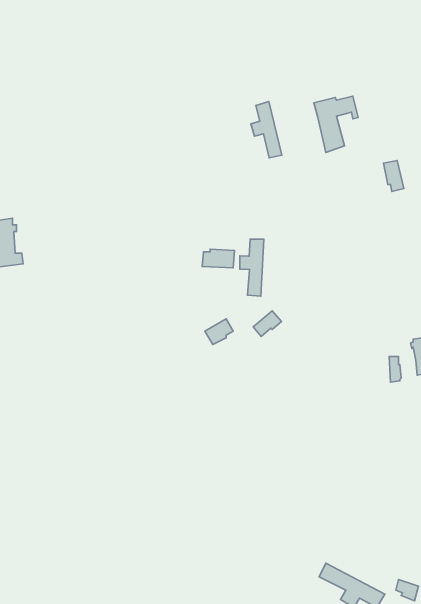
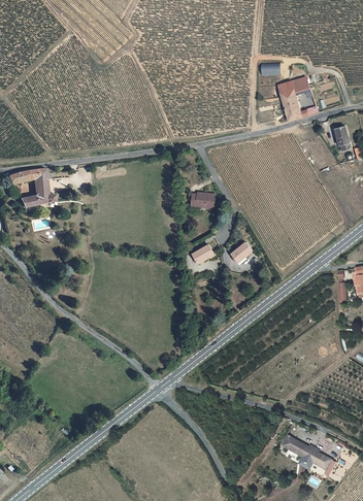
building: [251,101,282,158] -> none
building: [240,239,264,296] -> none

